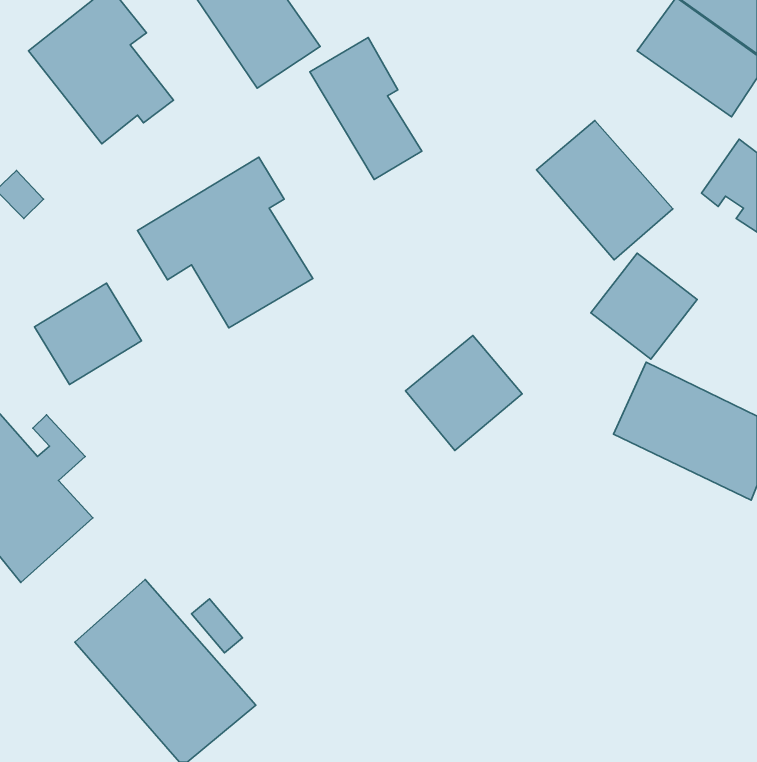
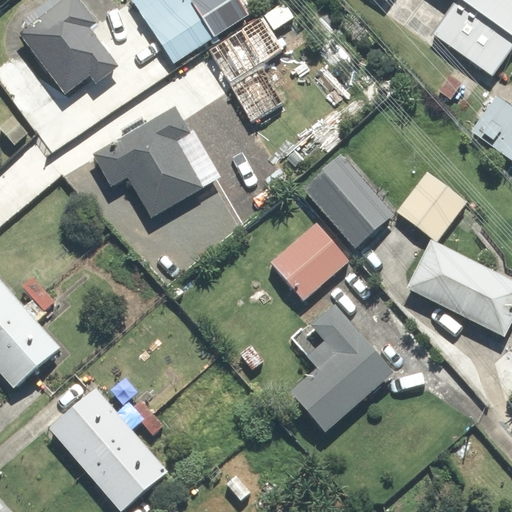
building: [537,121,673,260] -> [303,156,394,249]
building: [35,283,141,384] -> none
building: none -> [291,306,394,433]

